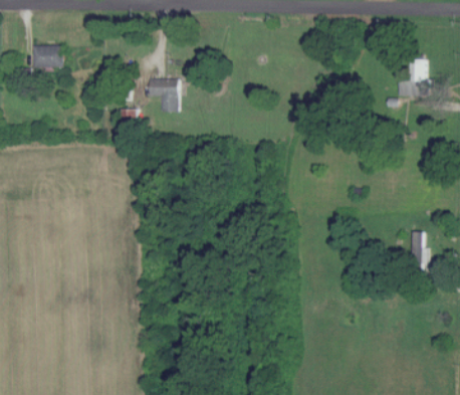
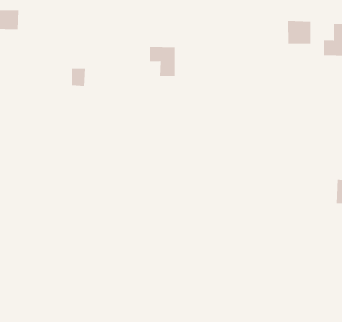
building: none -> [288,20,311,45]
building: [148,78,177,112] -> [149,46,175,76]

